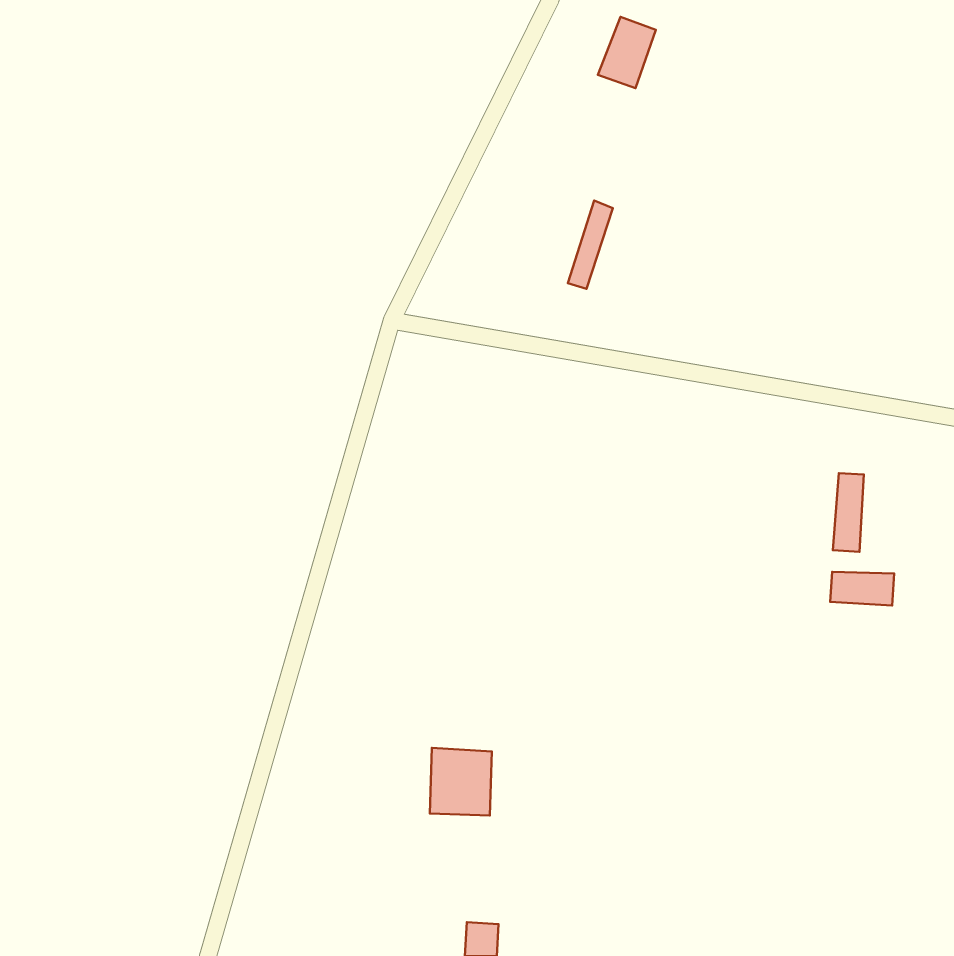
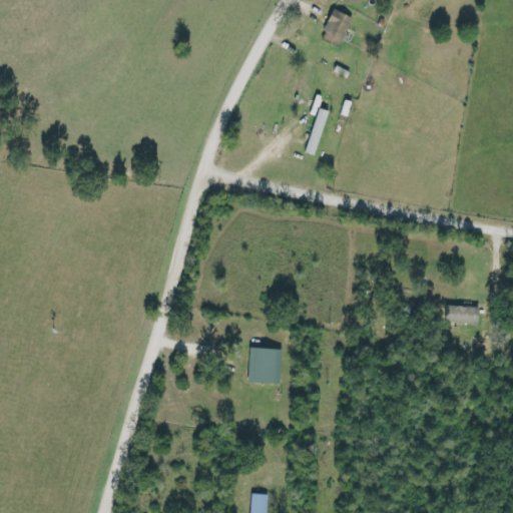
building: [833,473,864,552] -> none
building: [430,748,492,815] -> [248,347,282,383]

